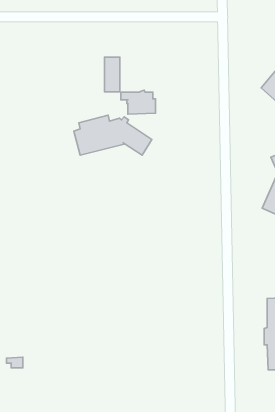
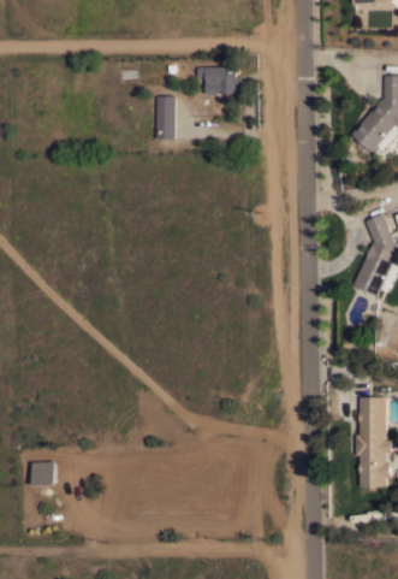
building: [121,90,156,114] -> [196,65,239,95]
building: [74,115,152,155] -> none

